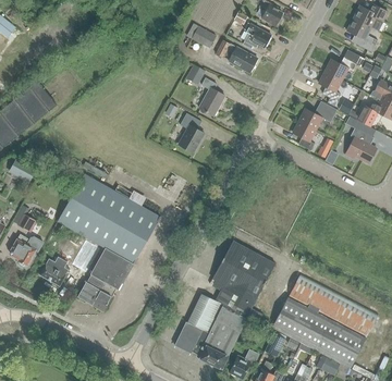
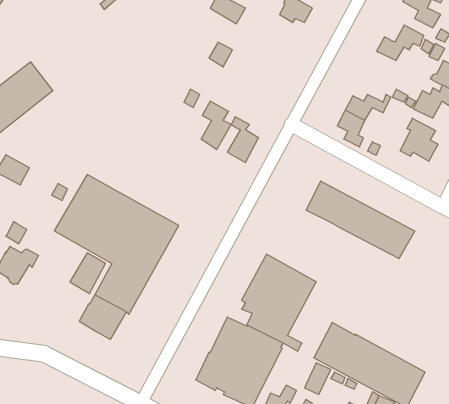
building: [215,40,257,73] -> none
building: [318,72,341,107] -> none
building: [198,78,224,116] -> [227,117,259,163]
building: [39,257,68,286] -> none
building: [287,273,378,337] -> [306,181,415,259]

